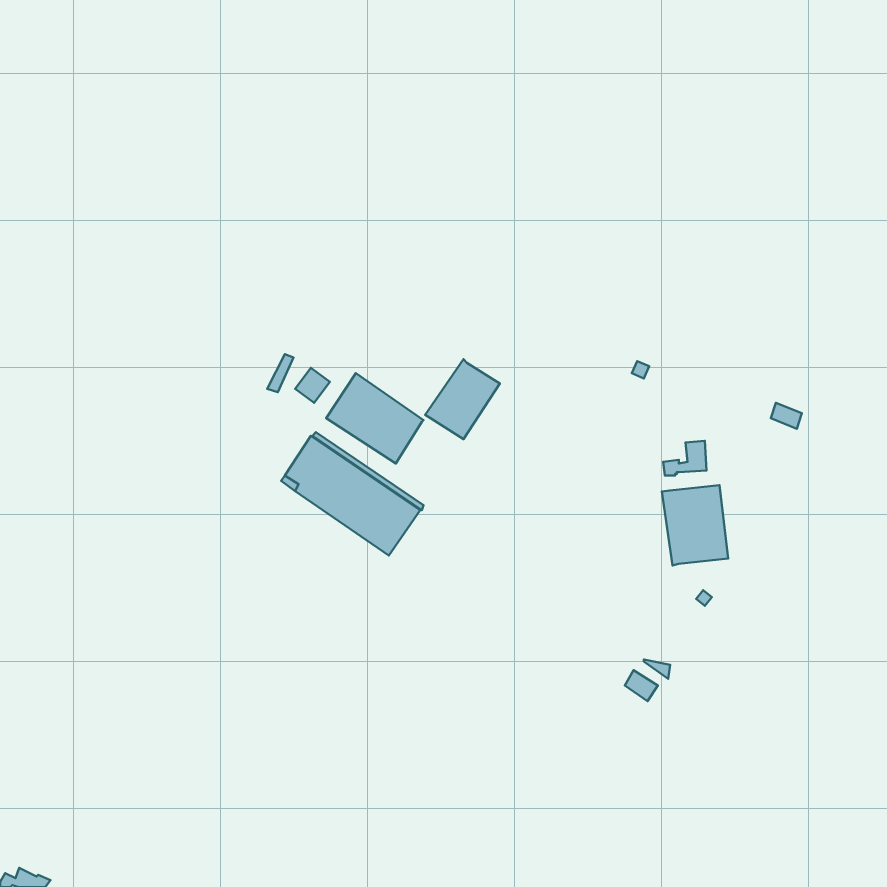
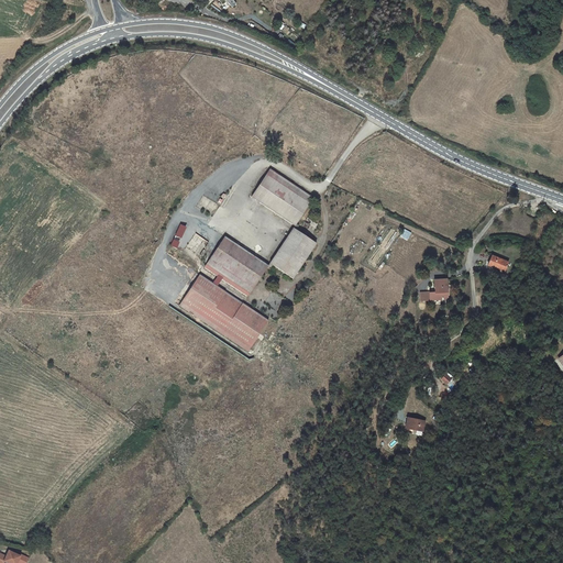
building: none -> [252,169,313,225]
building: [662,485,728,566] -> none

